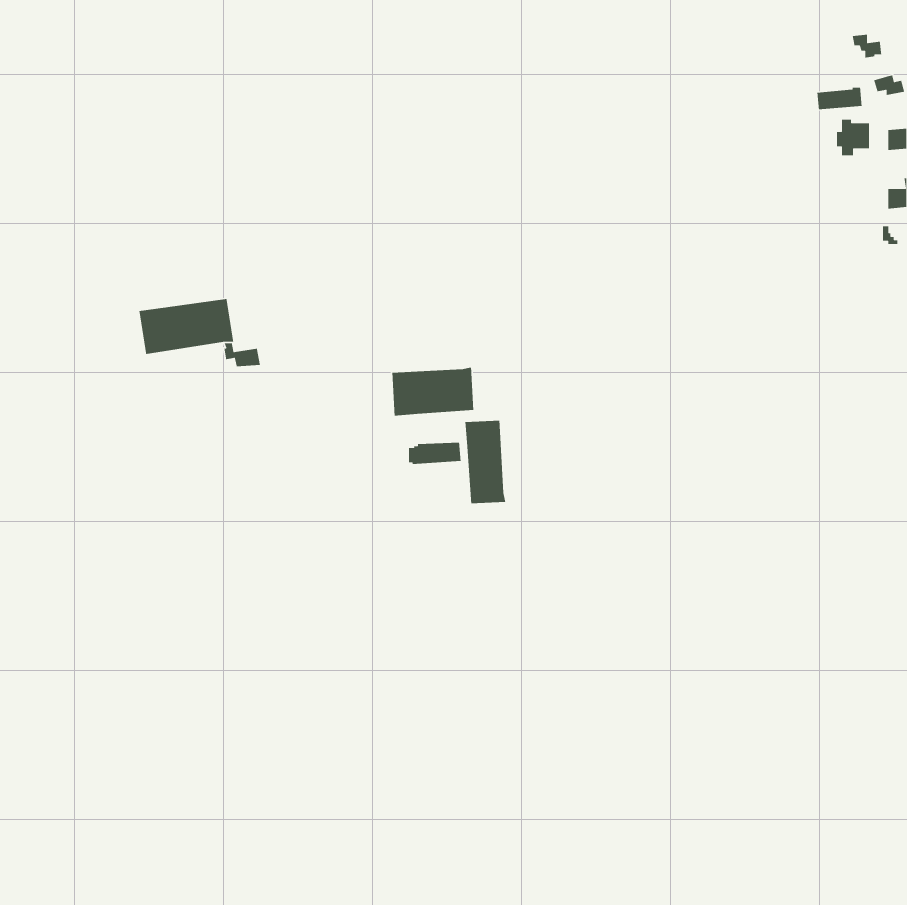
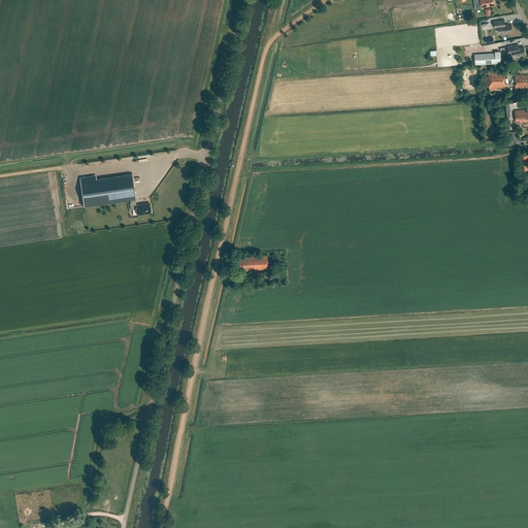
building: [391,366,474,416] -> none
building: [465,420,506,504] -> none

